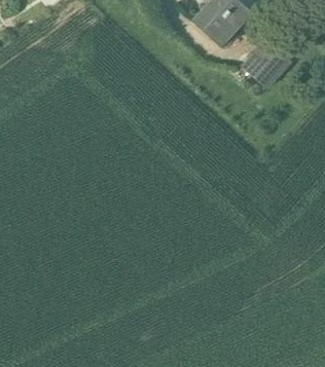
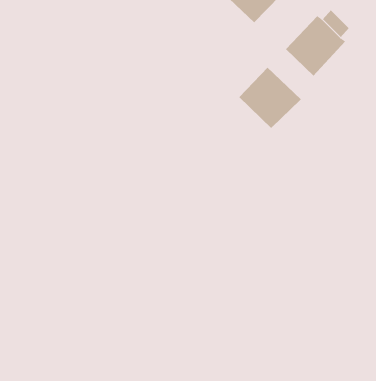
building: none -> [238,67,302,129]

